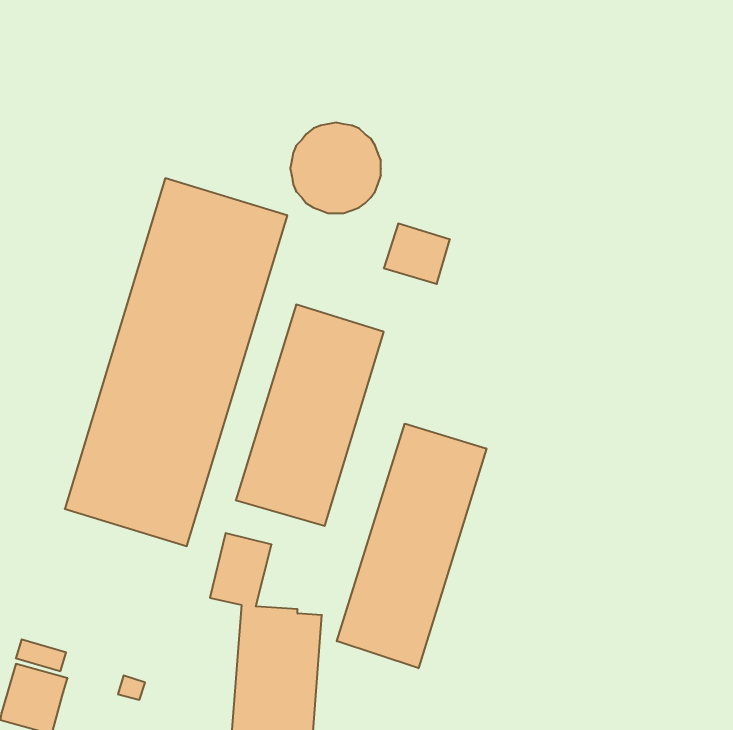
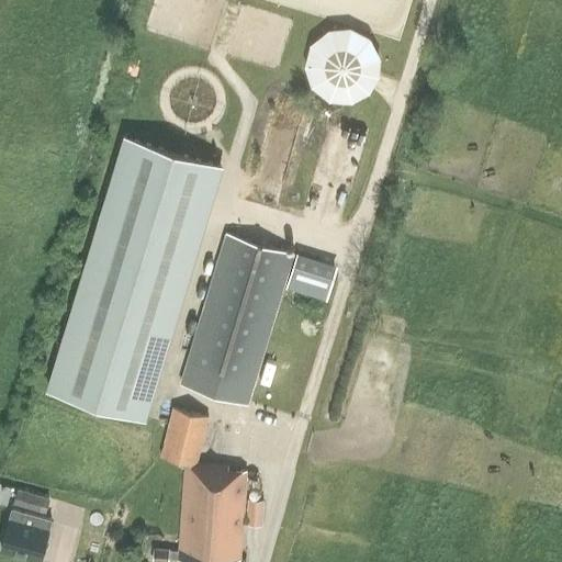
building: [290,123,381,213] -> [307,32,376,101]
building: [384,224,450,284] -> [285,256,336,302]
building: [337,424,486,668] -> none

